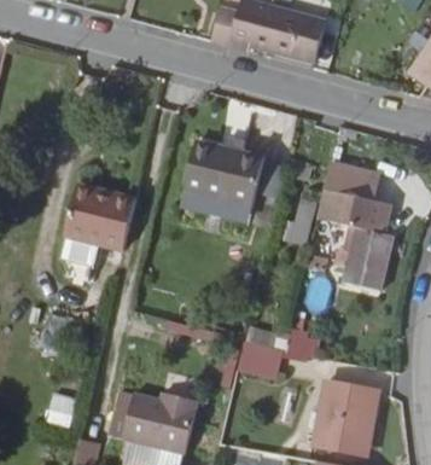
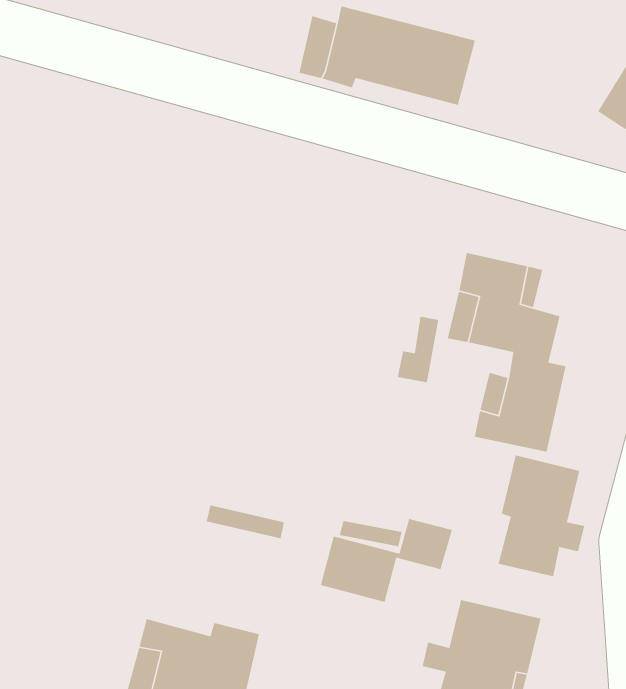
building: [188,143,270,207] -> none
building: [68,188,139,252] -> none
building: none -> [497,454,585,577]

